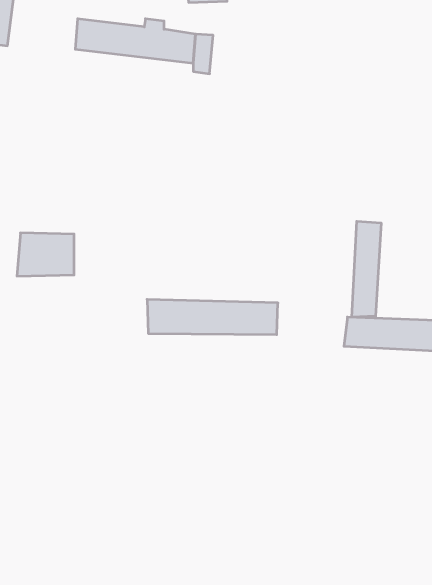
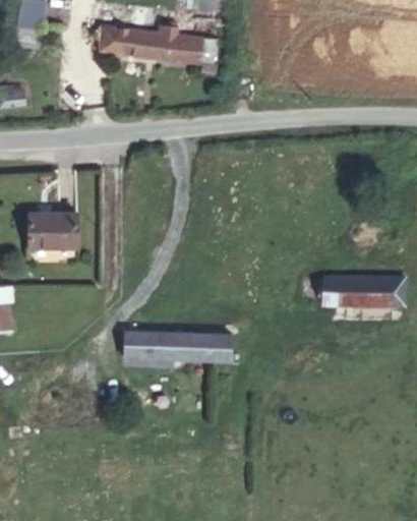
building: [352,221,381,317] -> none
building: [147,299,278,335] -> [108,336,222,366]

